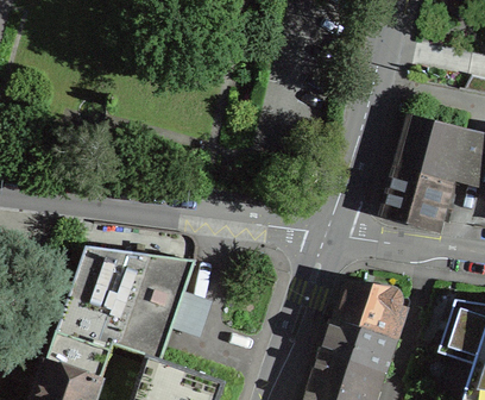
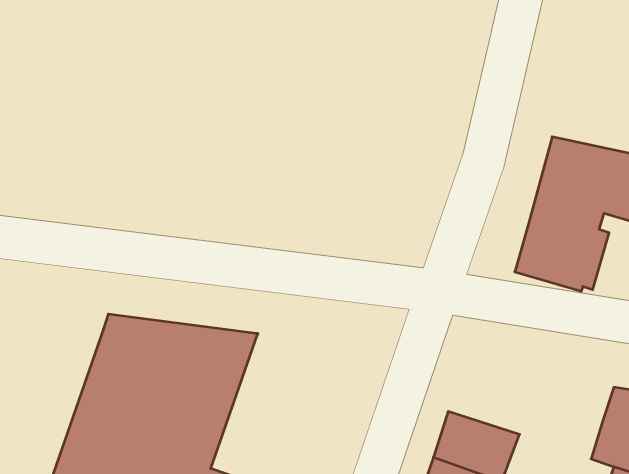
building: [334,281,401,337] -> none

